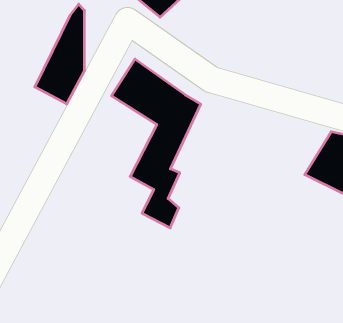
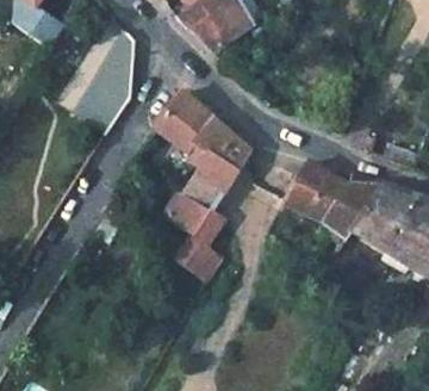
building: none -> [282,163,381,240]

